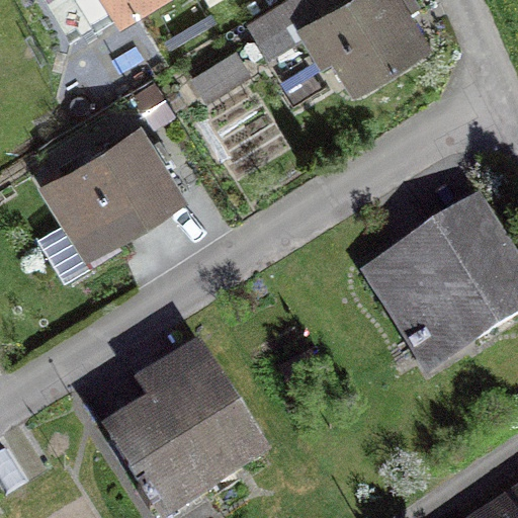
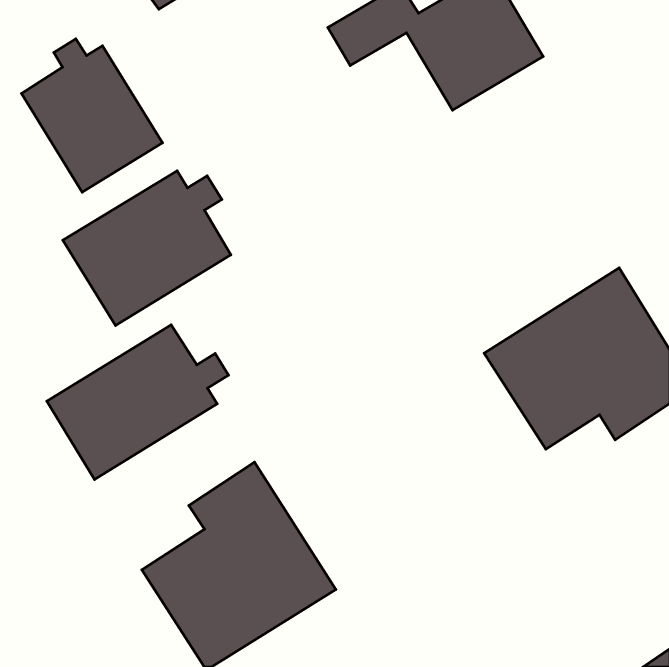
building: none -> [21,39,163,192]
building: none -> [47,325,229,480]

